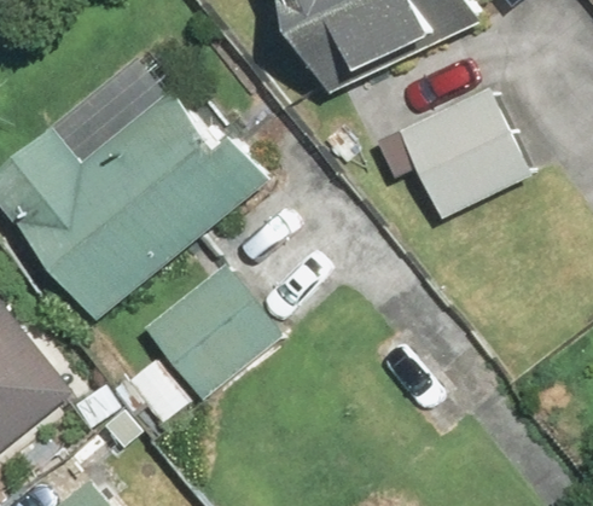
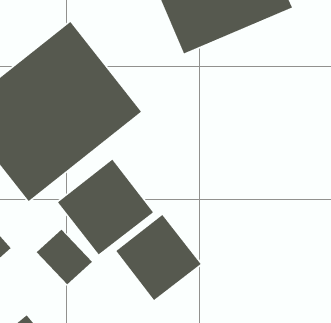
building: [389,83,528,222] -> none
building: none -> [115,214,202,301]

